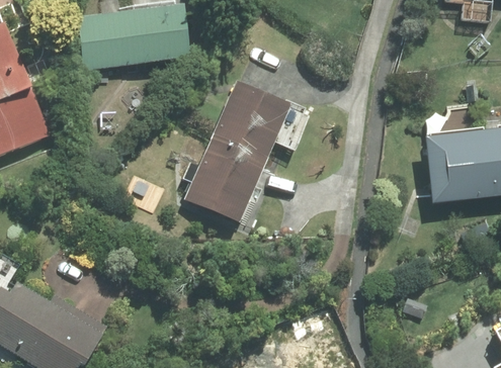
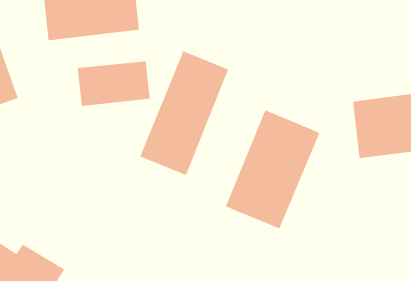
building: none -> [77,61,151,107]
building: none -> [225,109,321,229]

